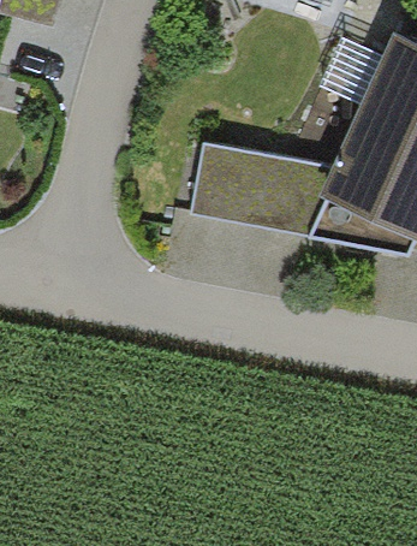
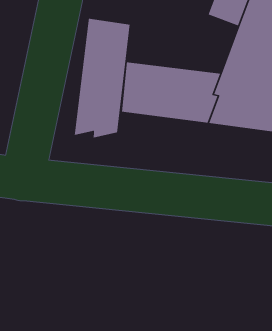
building: none -> [74,18,131,138]

